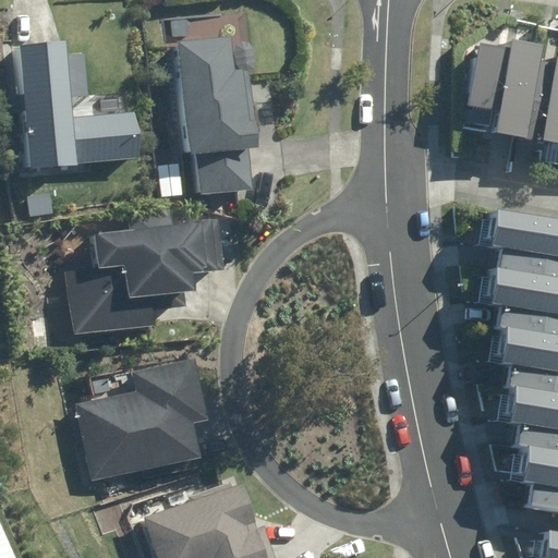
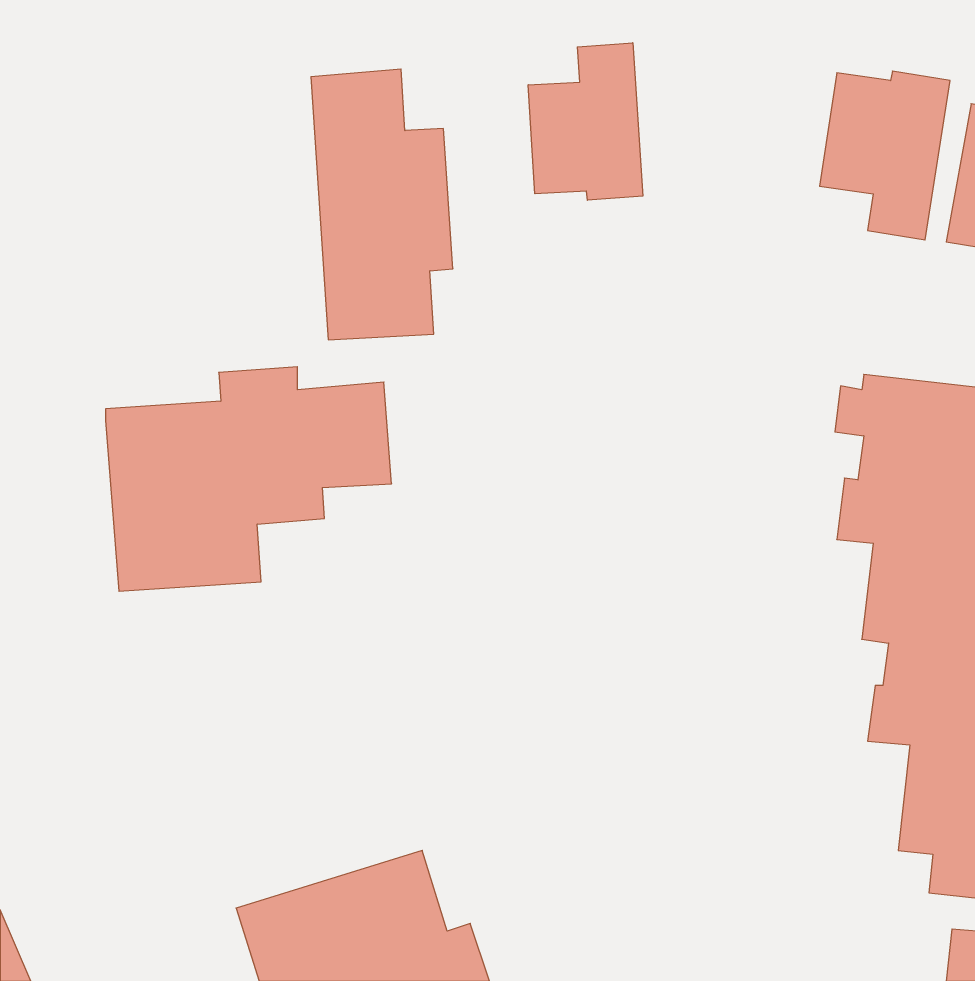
building: none -> [528,43,643,200]
building: [21,45,140,177] -> none
building: [72,360,206,481] -> none

